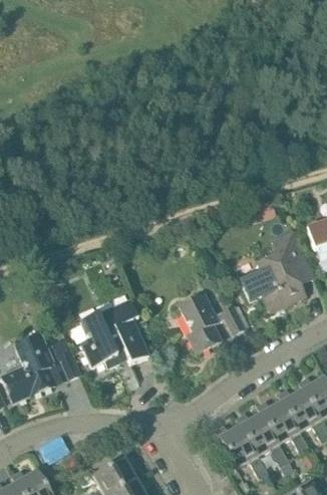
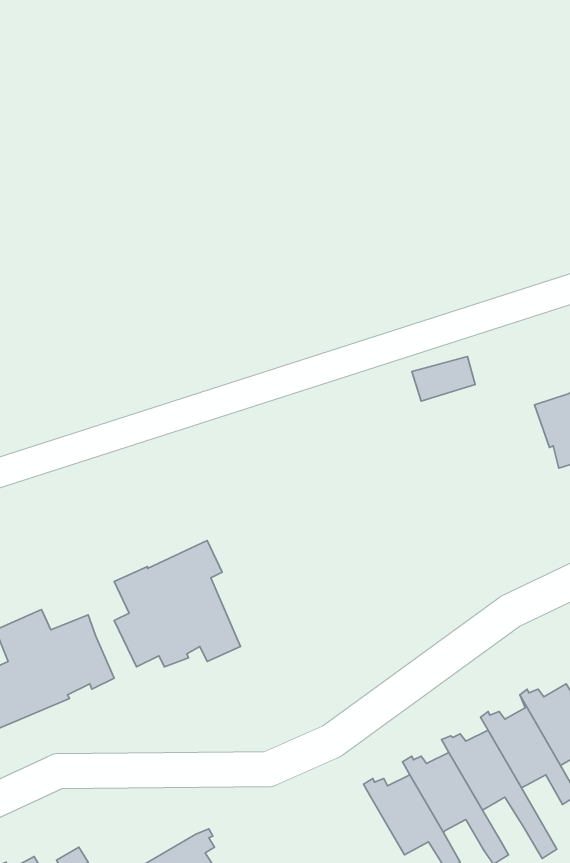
building: [240,230,310,310] -> none
building: [180,293,246,353] -> none

